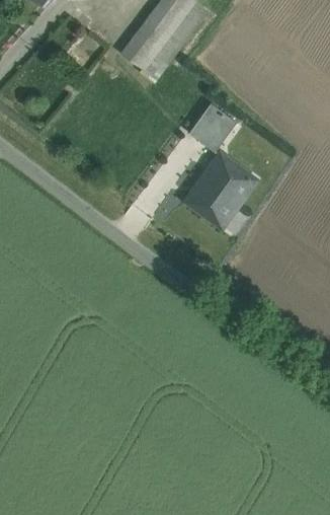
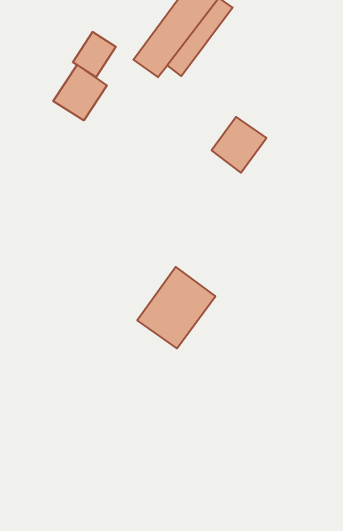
building: none -> [53,65,107,120]
building: [187,154,255,225] -> [137,267,215,348]

